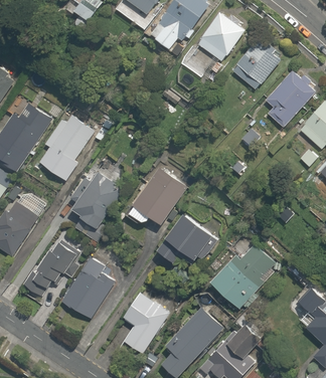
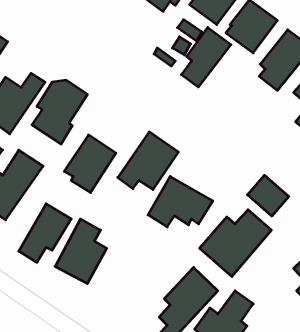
building: none -> [181,27,231,87]
building: none -> [247,175,289,216]
building: [122,290,170,354] -> none

